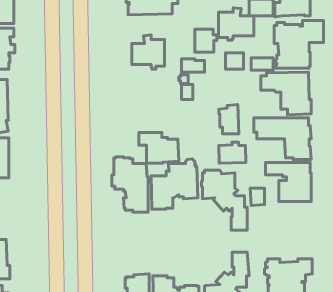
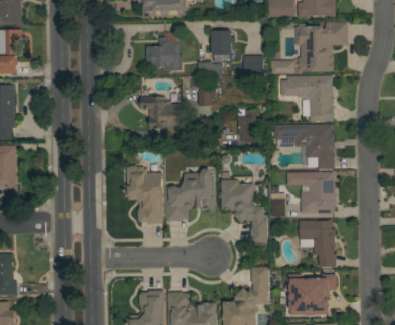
building: [219,8,254,40] -> none
building: [139,133,179,163] -> [141,97,183,129]
building: [219,142,246,163] -> none
building: none -> [300,220,336,267]

